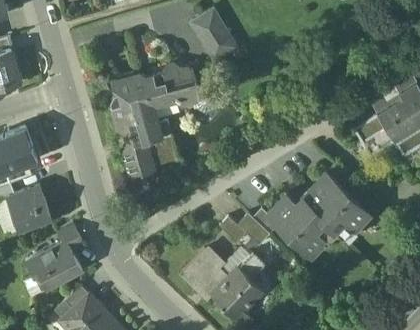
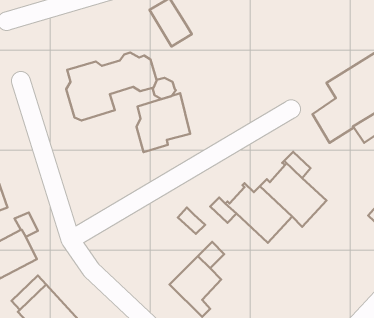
building: [123,119,176,177] -> [136,93,190,152]
building: [235,213,268,245] -> none
building: [179,249,228,295] -> none

